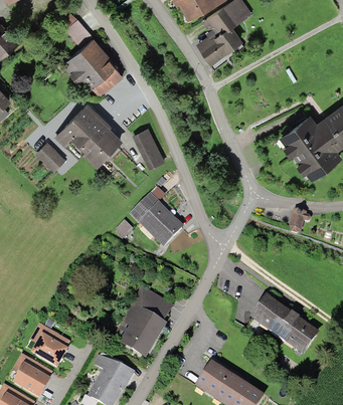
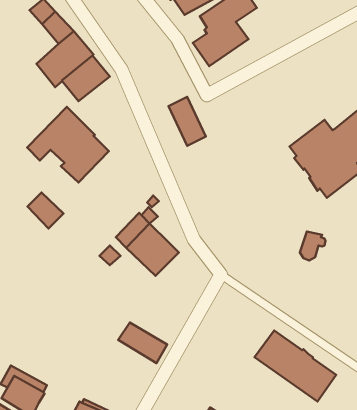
building: [133,128,165,170] -> [168,97,206,146]
building: [35,142,66,173] -> [27,193,64,229]
building: [113,302,167,359] -> none

